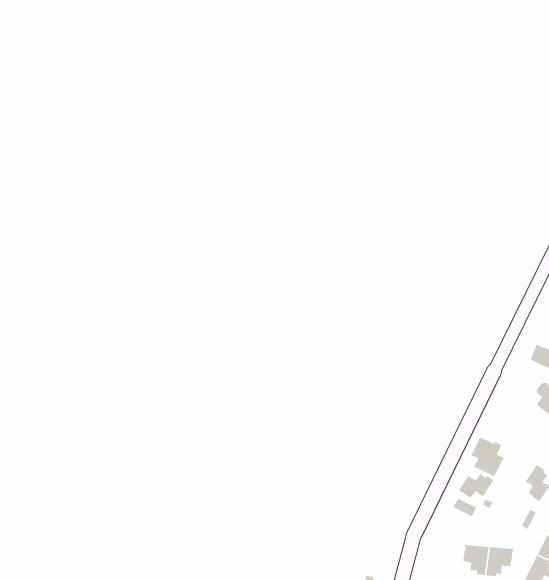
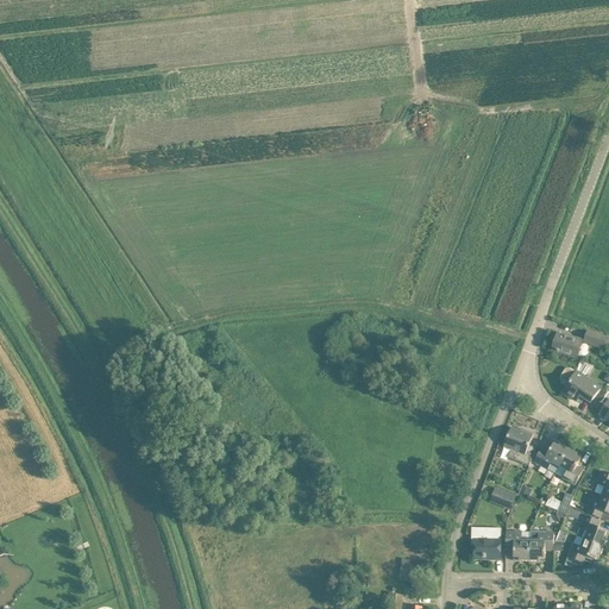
building: [458,473,494,499] -> [533,441,567,467]
building: none -> [470,526,500,558]

